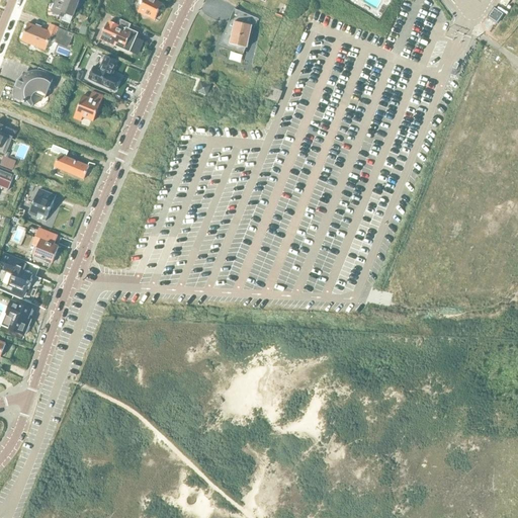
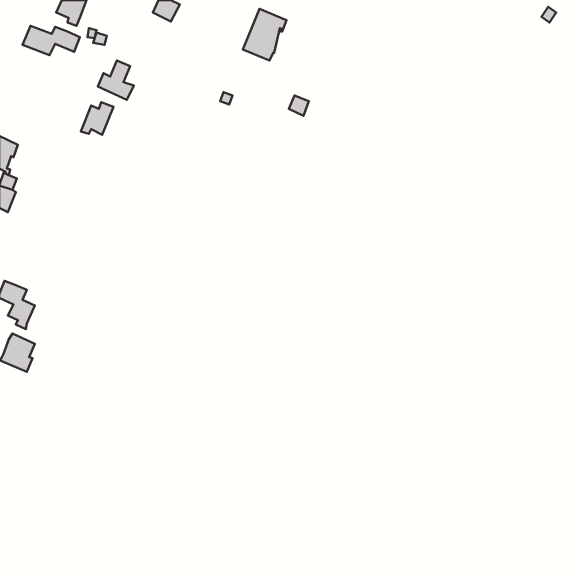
building: [99,19,136,52] -> none
building: [13,68,53,106] -> none
building: [51,145,88,179] -> none
building: [28,190,55,222] -> none
building: [31,228,58,263] -> none

